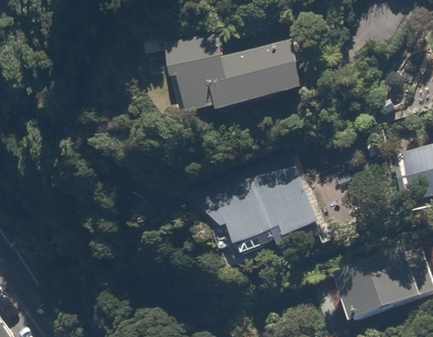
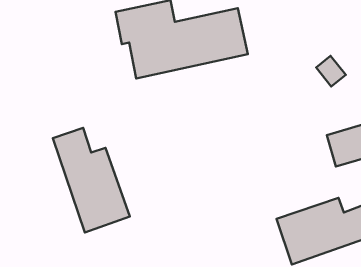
building: [188,159,320,254] -> none
building: none -> [53,128,130,233]

